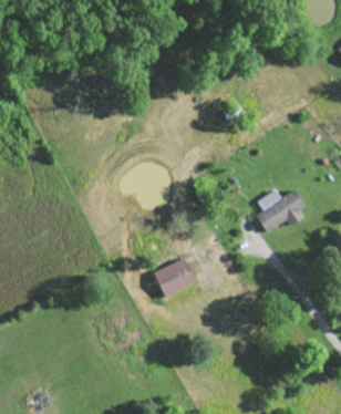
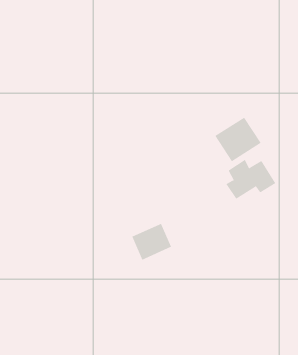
building: none -> [214,117,262,162]

